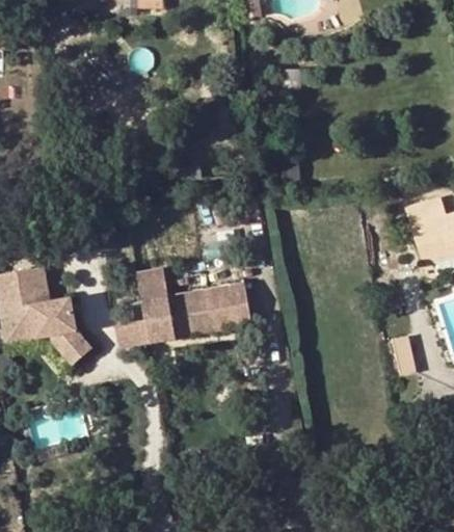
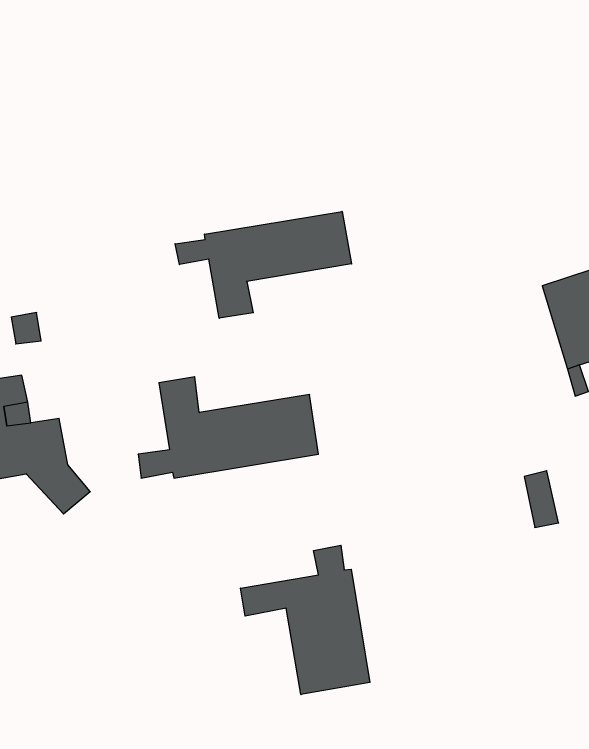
building: none -> [175,211,352,318]
building: none -> [241,545,370,695]

